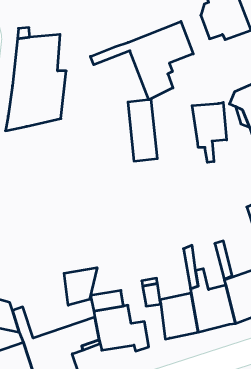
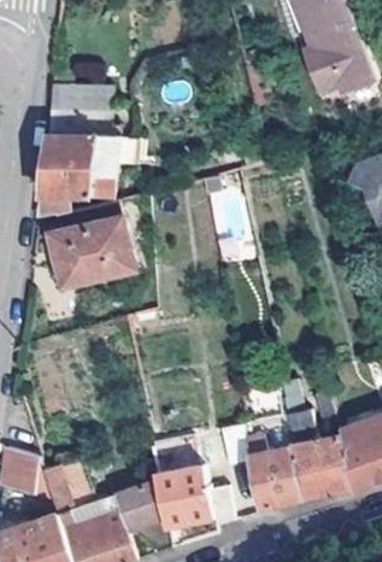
building: [90,21,193,100] -> none
building: [192,102,227,162] -> none
building: none -> [48,201,133,291]
building: [64,268,97,305] -> none

